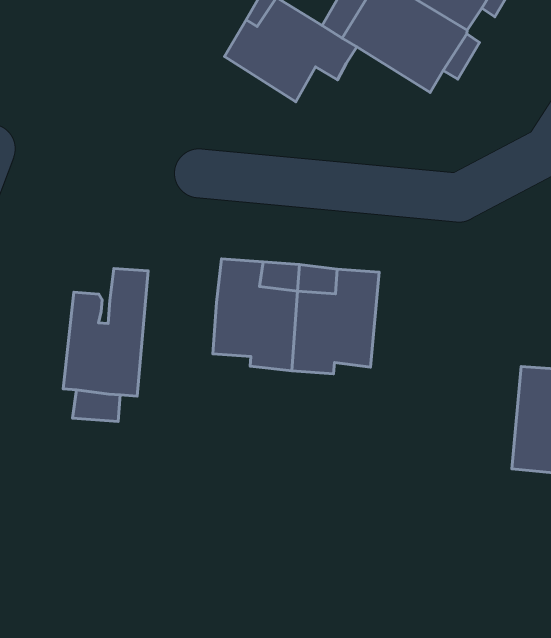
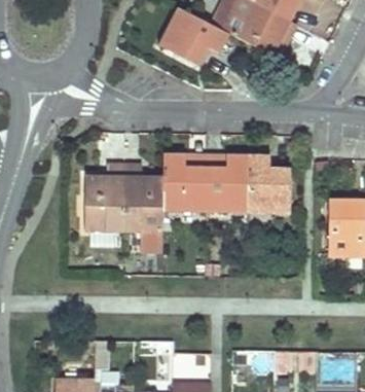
building: none -> [123,163,162,252]
building: none -> [248,154,291,212]

